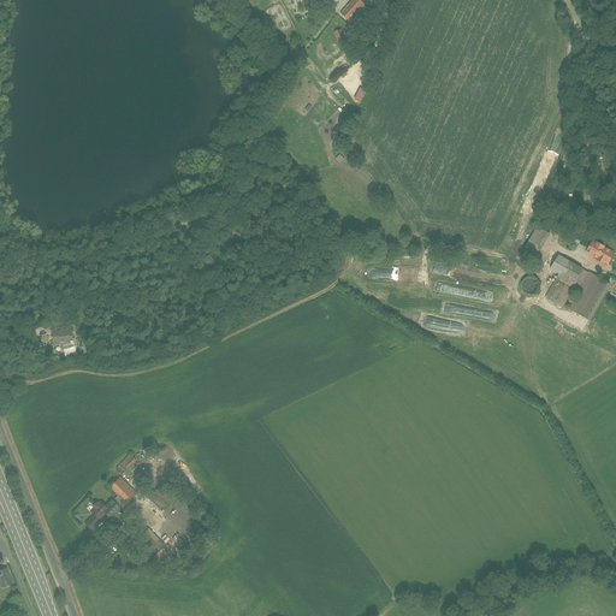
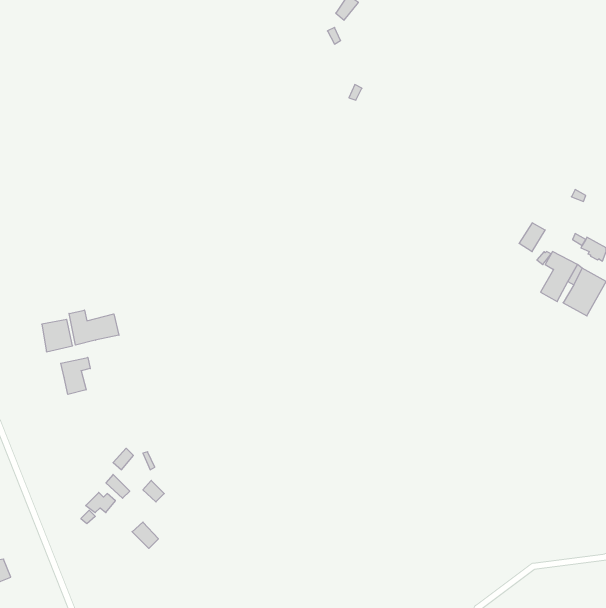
building: none -> [69,310,119,345]
building: none -> [61,357,90,394]

